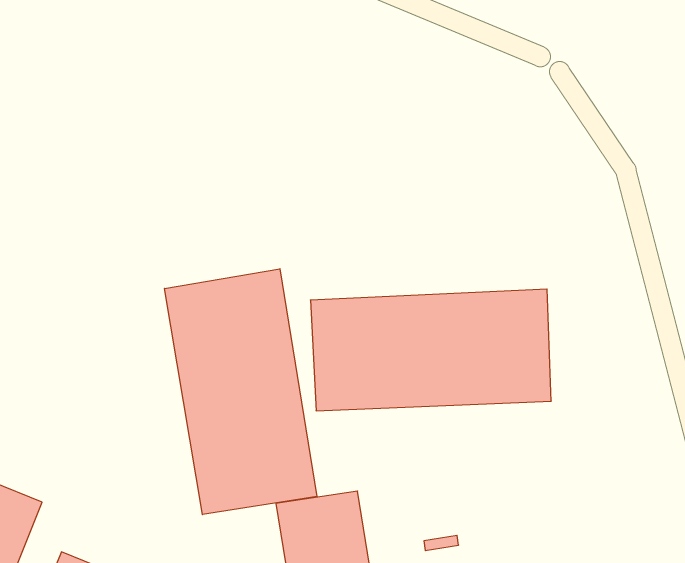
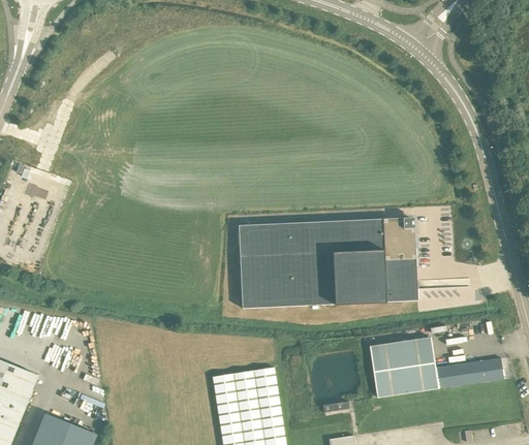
building: [165,269,317,515] -> none
building: none -> [369,338,503,396]

